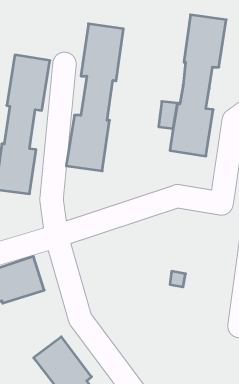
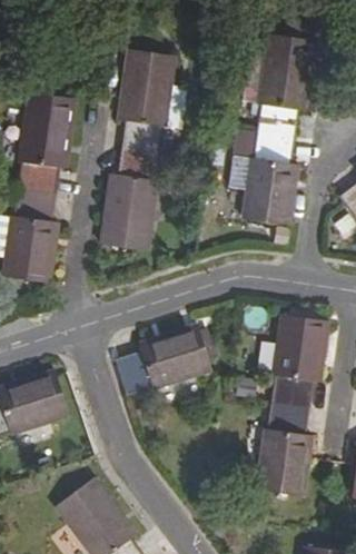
building: none -> [256,313,328,494]
building: none -> [115,320,211,389]

